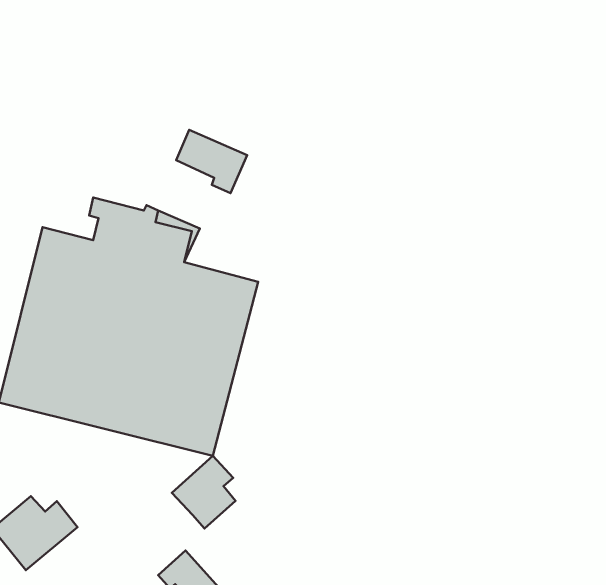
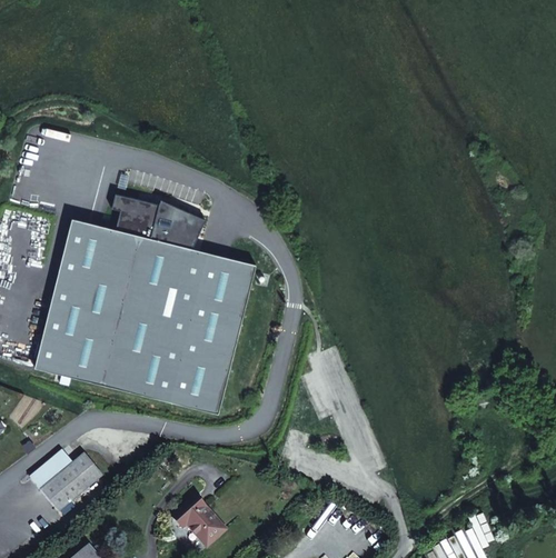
building: [176,130,247,193] -> none
building: [172,456,236,529] -> none

